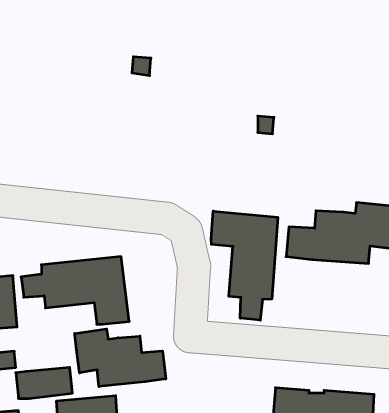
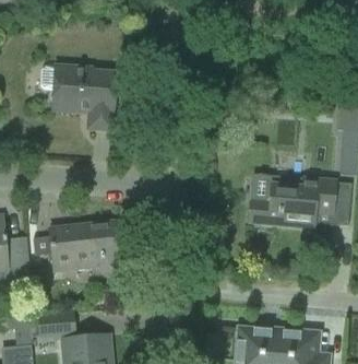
building: none -> [40,67,116,129]
building: [211,211,278,320] -> none
building: [75,329,166,387] -> none

